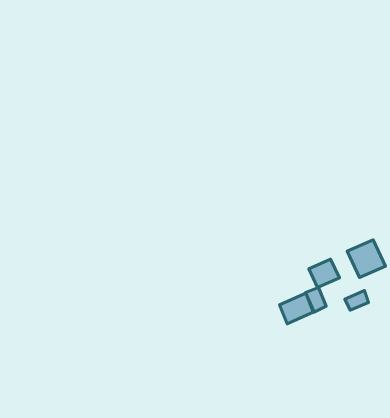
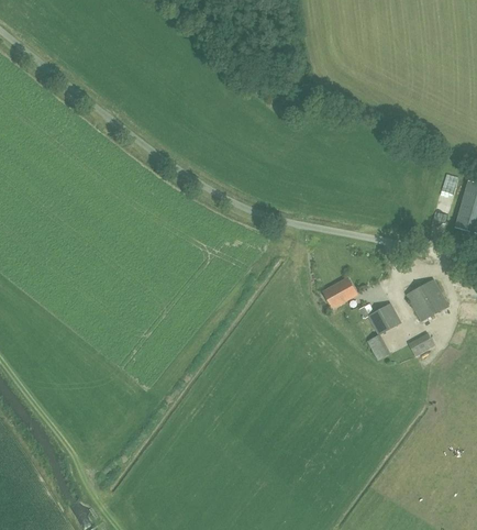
building: none -> [323,277,357,308]
building: [280,293,313,324] -> none

